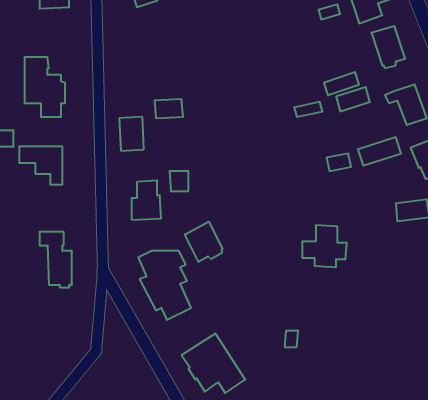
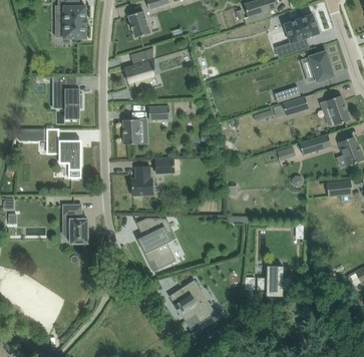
building: none -> [123,47,154,82]
building: [185,222,222,262] -> none
building: [302,225,347,267] -> [257,265,290,296]

